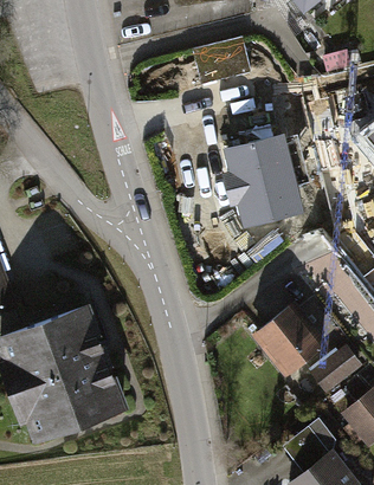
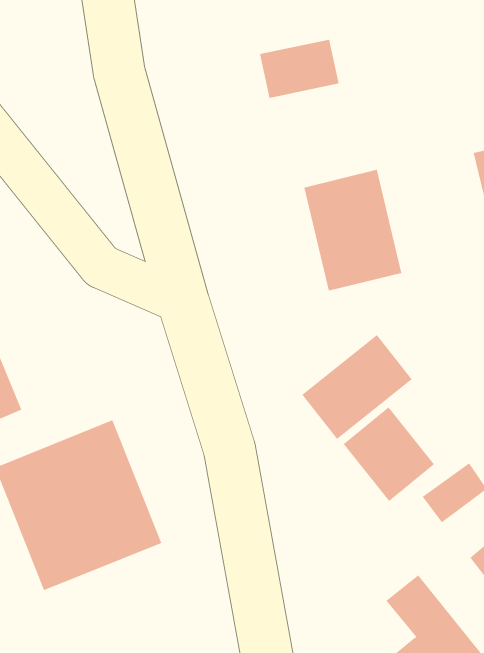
building: none -> [302,334,413,440]

